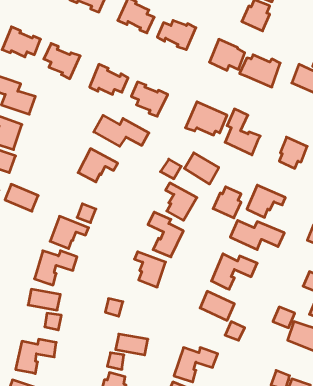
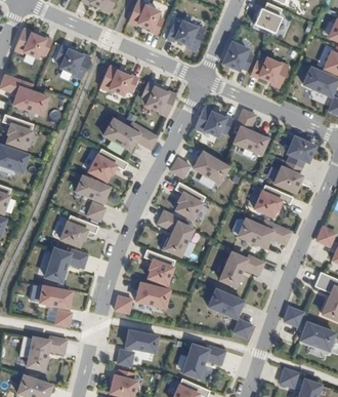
building: [5,184,38,211] -> [77,176,110,203]
building: [213,187,241,218] -> [274,161,302,192]
building: none -> [136,283,169,308]

